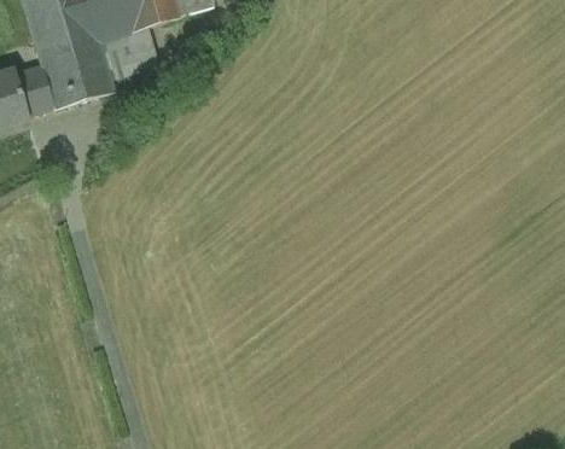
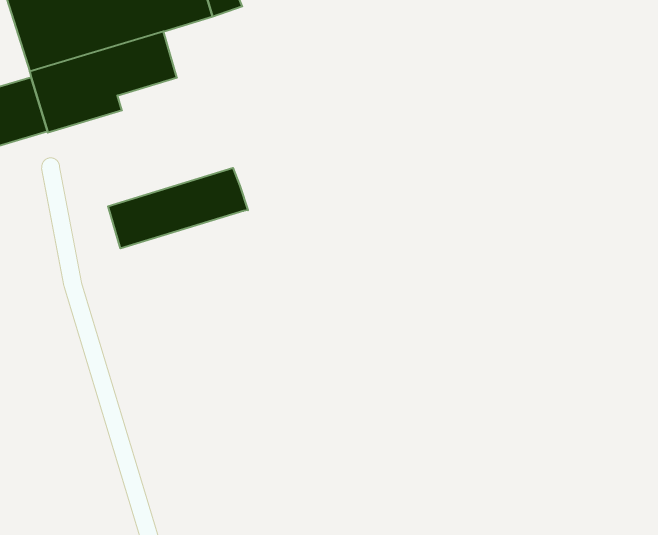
building: none -> [108,168,248,248]

